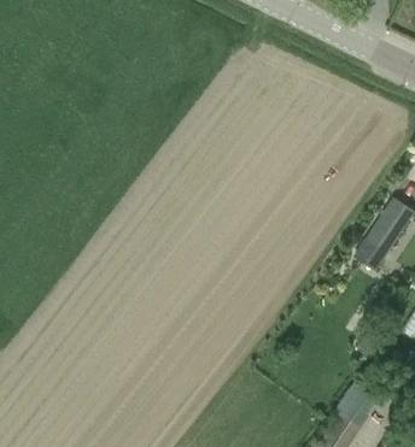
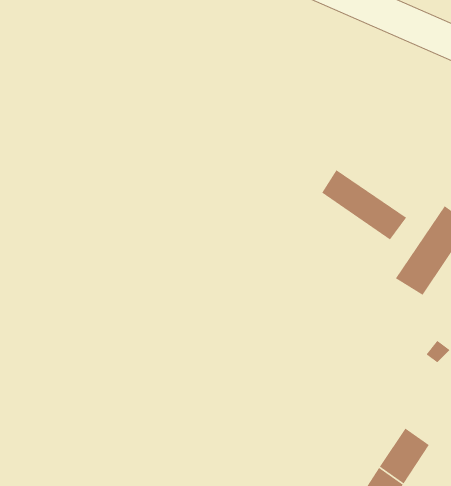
building: none -> [321,169,407,240]

